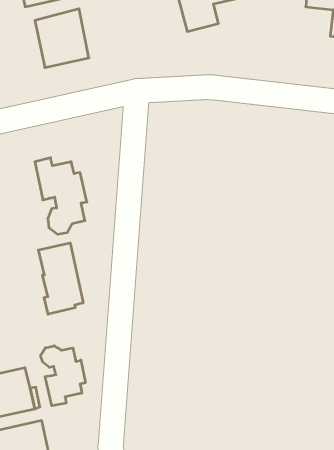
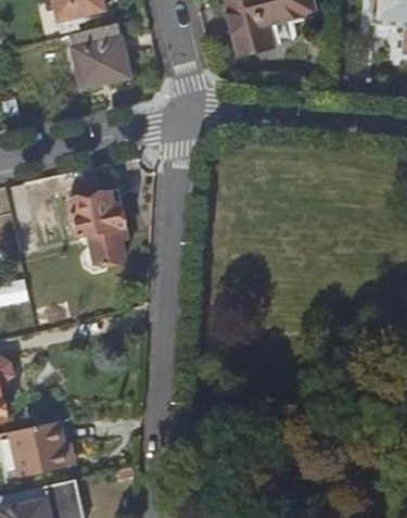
building: [38,243,83,314] -> none
building: [41,346,85,406] -> none

